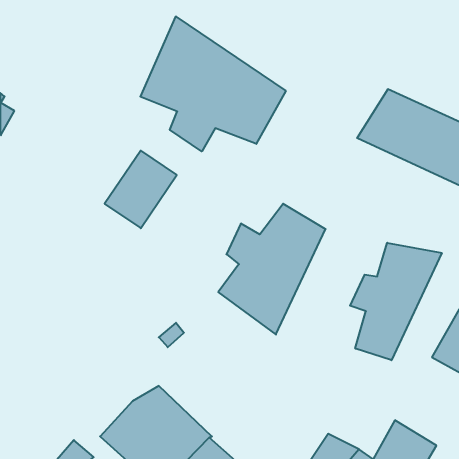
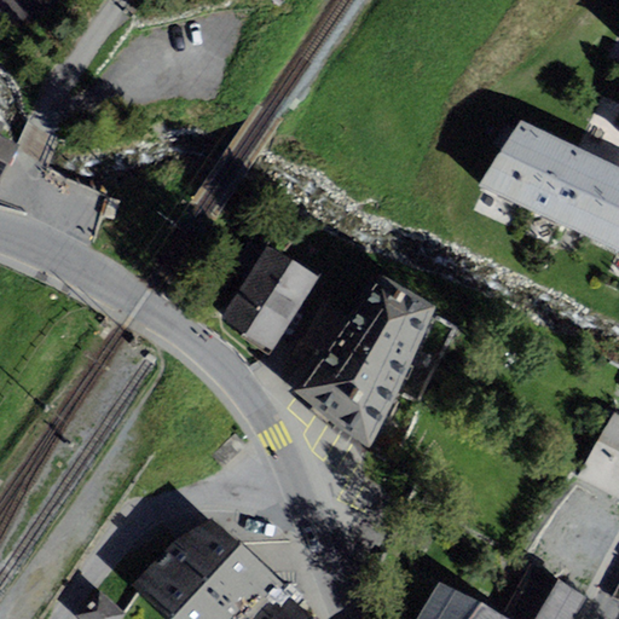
building: [140,16,286,151] -> none
building: [105,151,177,228] -> [222,248,319,352]
building: [350,243,442,360] -> none

